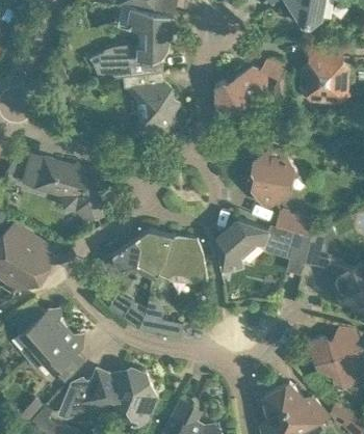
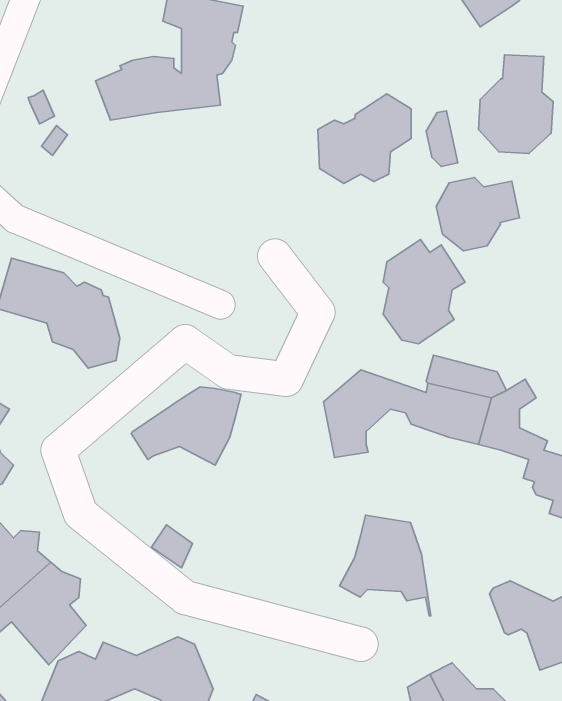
building: [125,73,179,139] -> none
building: none -> [436,178,519,251]
building: [157,234,208,290] -> [339,515,431,616]

